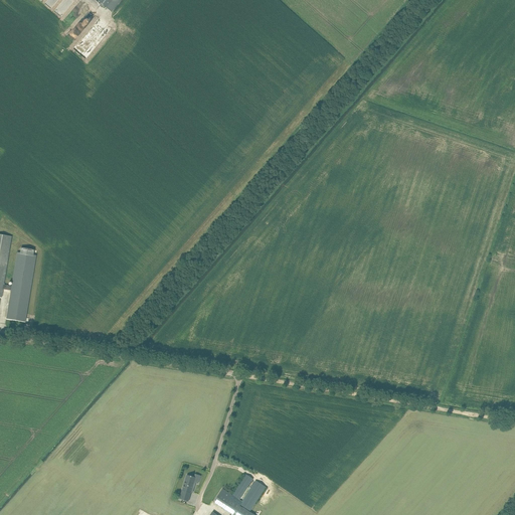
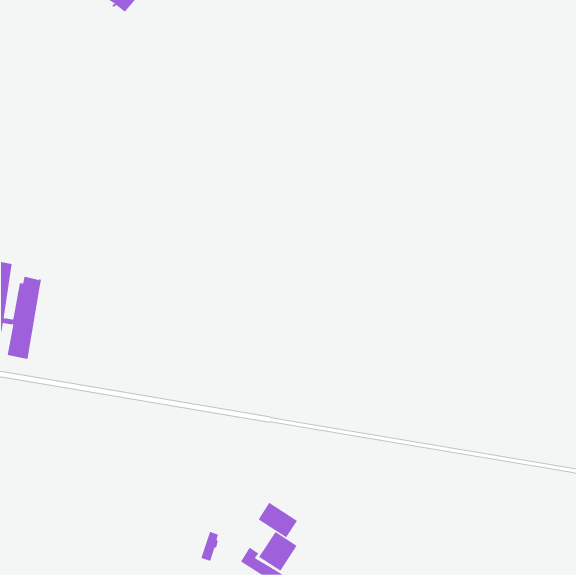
building: none -> [258,502,298,538]

